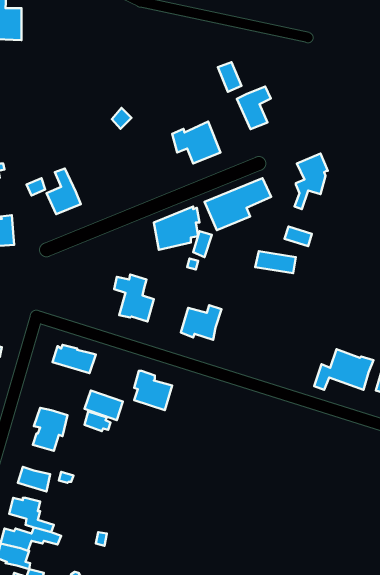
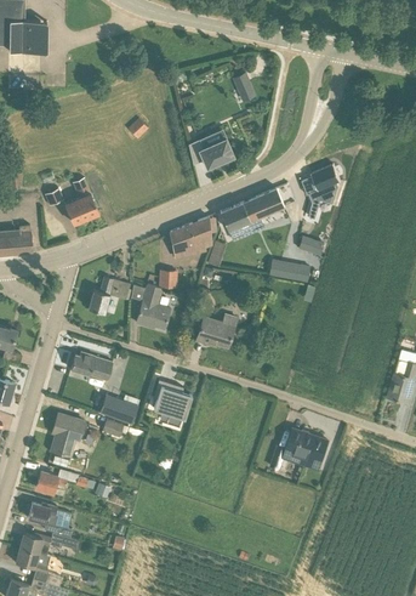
building: [237,87,271,129] -> none
building: none -> [87,277,130,313]
building: [314,349,373,390] -> [269,430,327,470]

